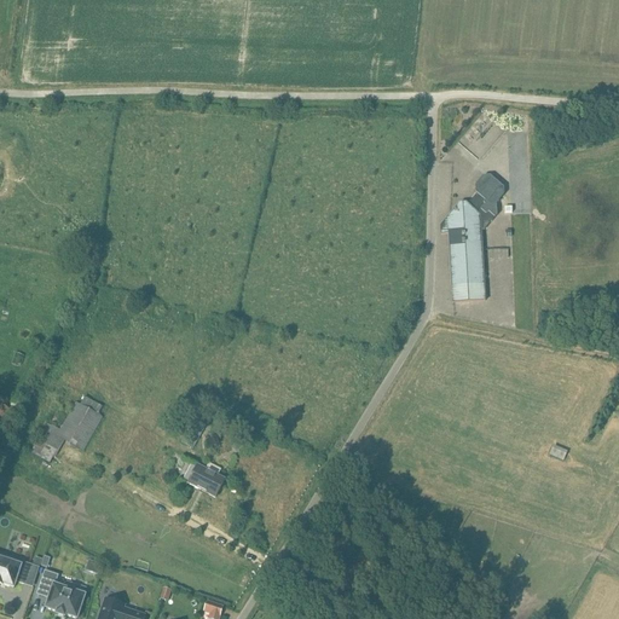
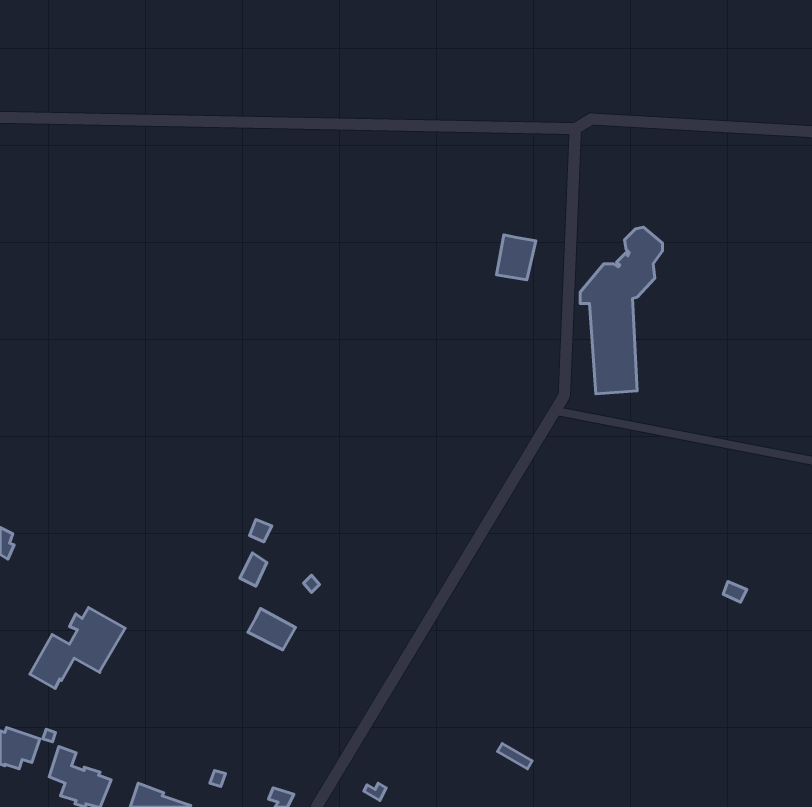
building: none -> [496,235,536,280]
building: [31,399,104,461] -> [30,607,125,688]

